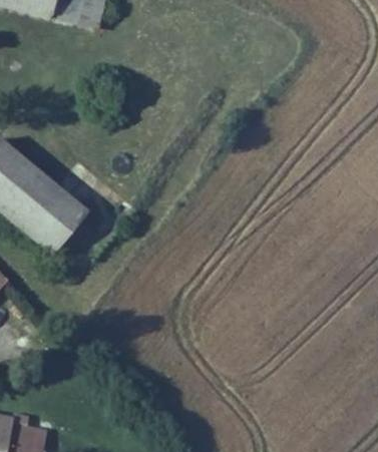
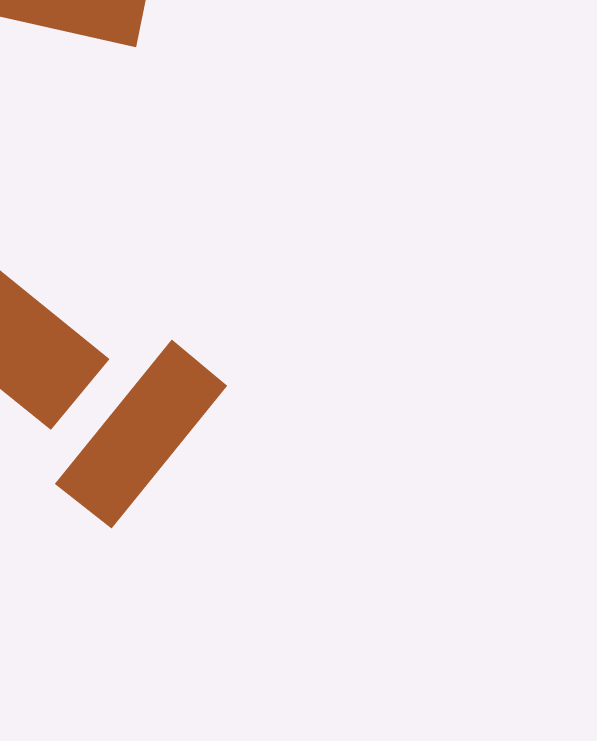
building: none -> [54,338,228,529]

